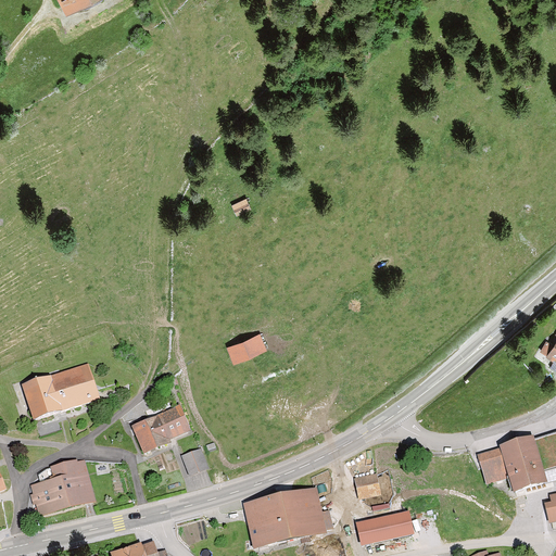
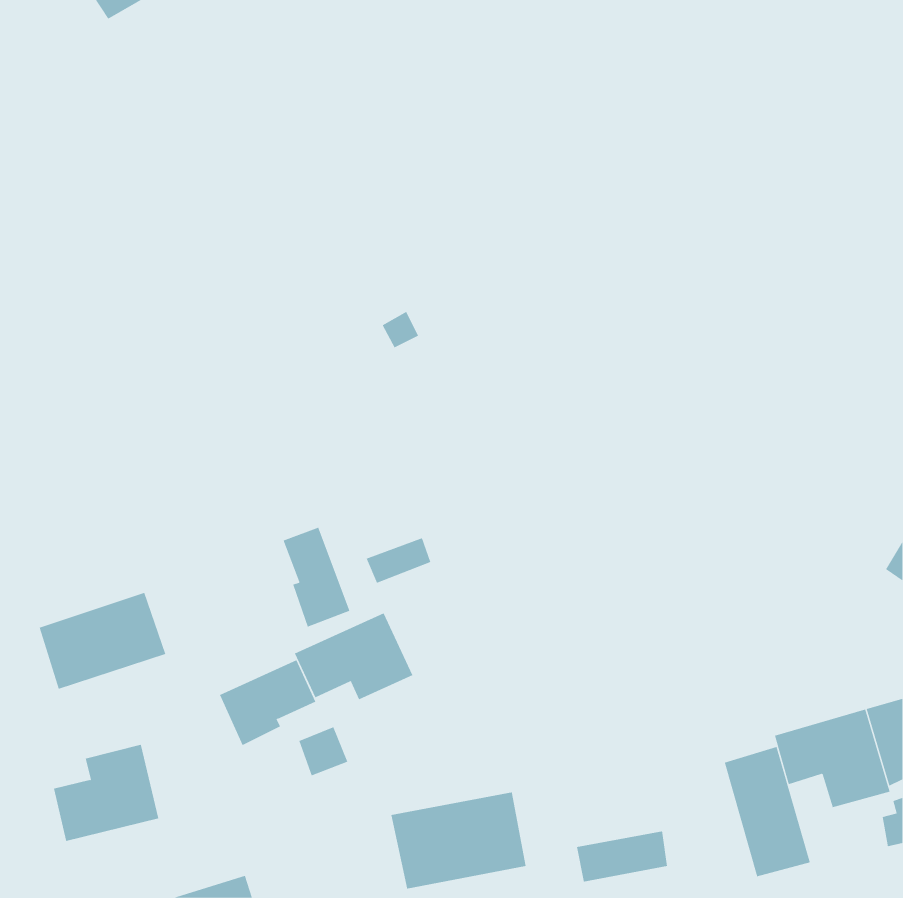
building: none -> [283,527,350,627]
building: none -> [294,612,413,700]
building: none -> [724,746,811,877]
building: [353,472,379,498] -> none

